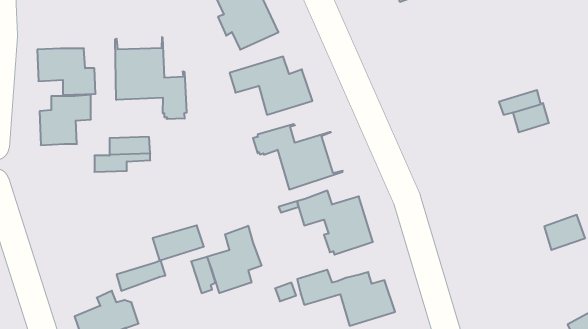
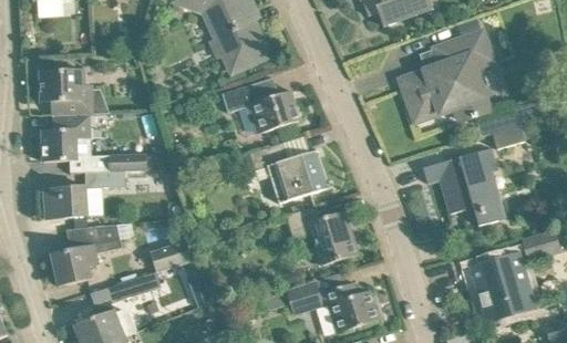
building: none -> [401,31,493,119]
building: [115,37,187,119] -> none
building: none -> [422,147,505,225]
building: none -> [44,185,86,219]
building: none -> [51,224,121,285]
building: [207,226,261,293] -> none
building: none -> [471,253,534,321]

